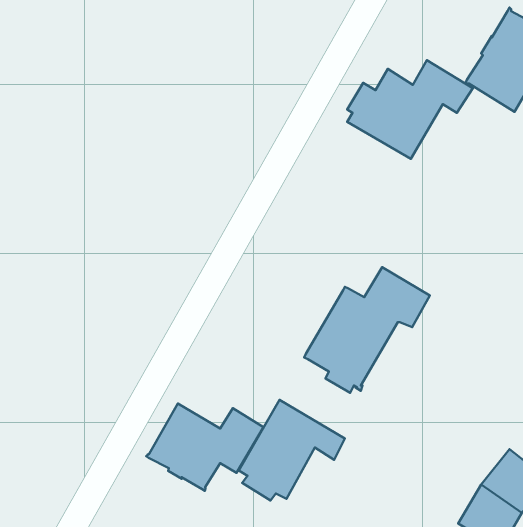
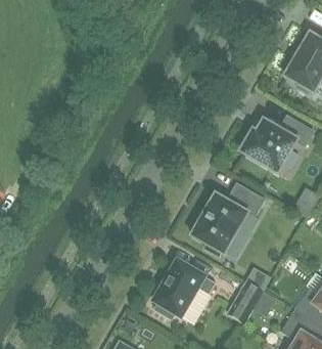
building: [347,60,473,159] -> [240,115,313,172]
building: [146,403,264,491] -> none
building: none -> [227,280,263,322]

